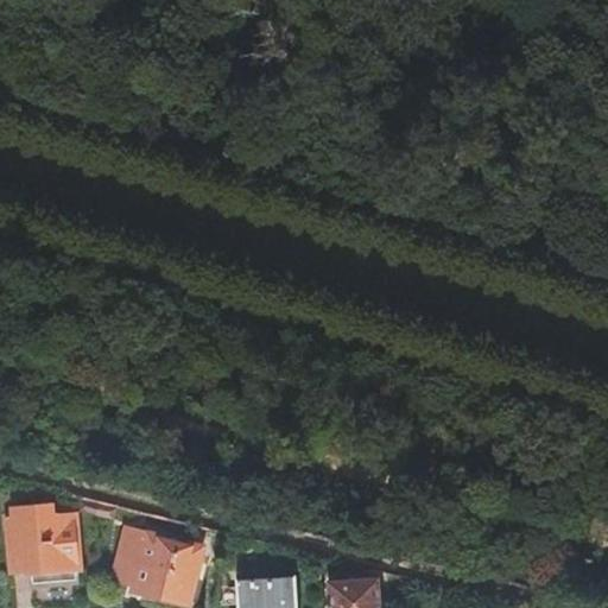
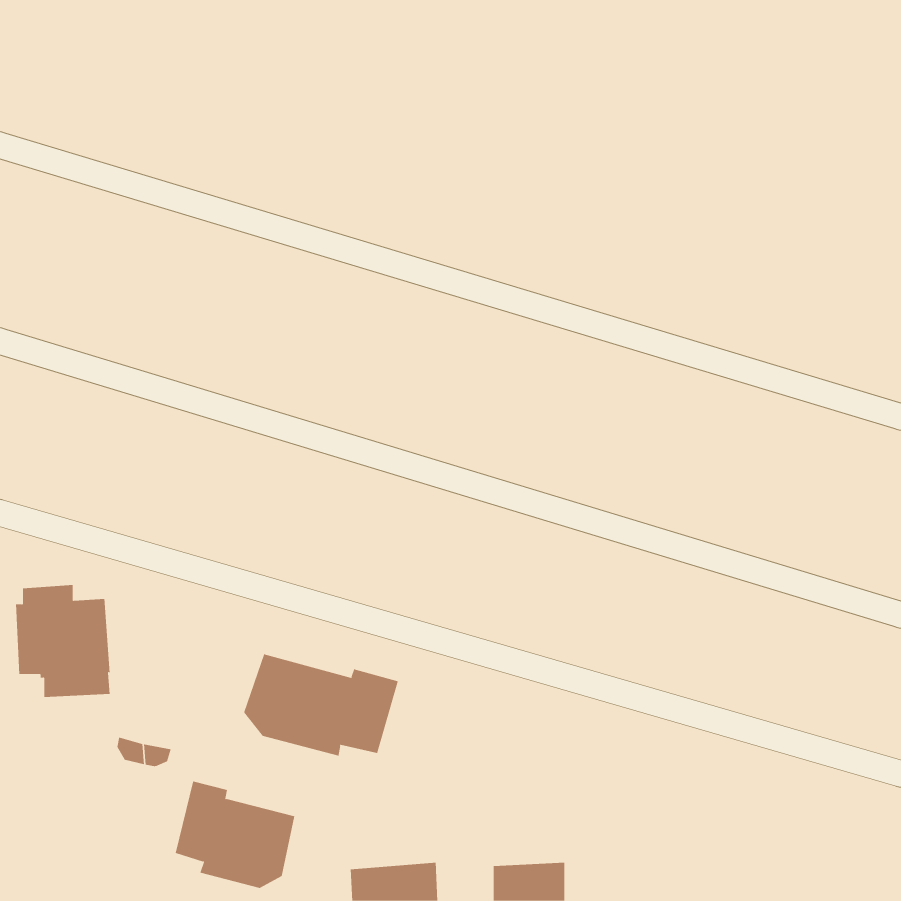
building: none -> [244,654,399,757]
building: [13,508,77,584] -> [15,584,110,698]

